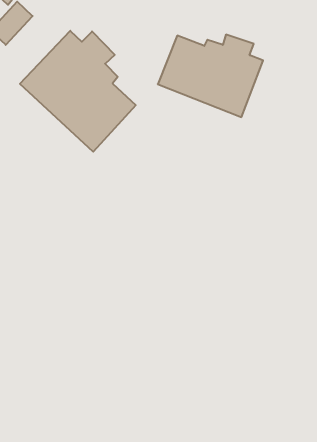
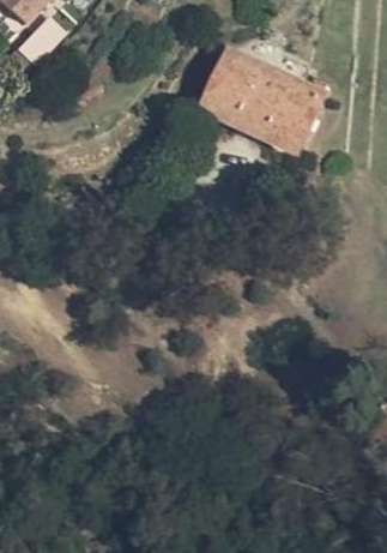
building: [20,31,136,152] -> none

